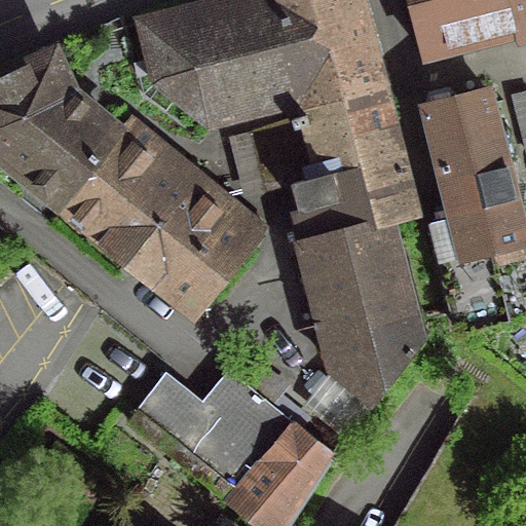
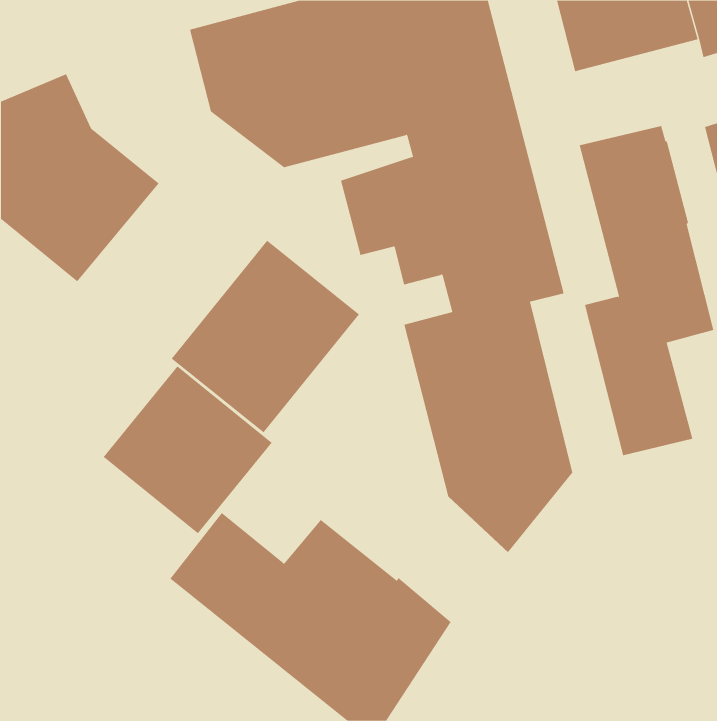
building: [60,120,197,261] -> none
building: none -> [103,365,273,534]

